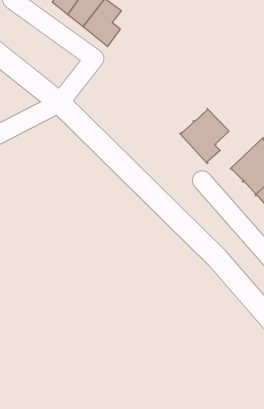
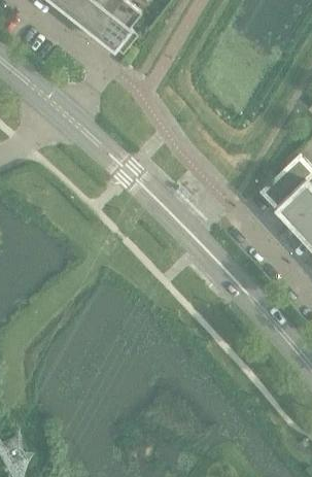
building: [180,108,229,163] -> none

